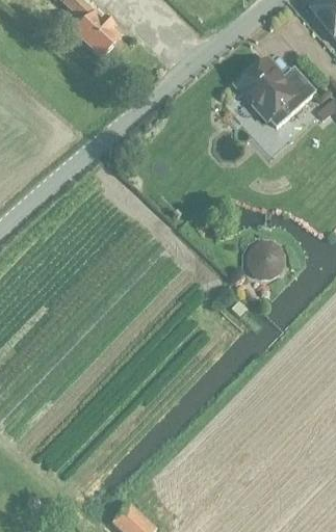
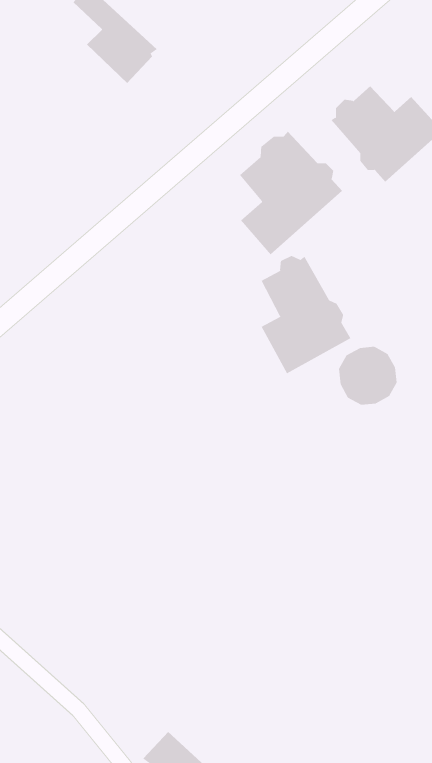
building: none -> [239,131,343,255]
building: none -> [261,255,351,374]

